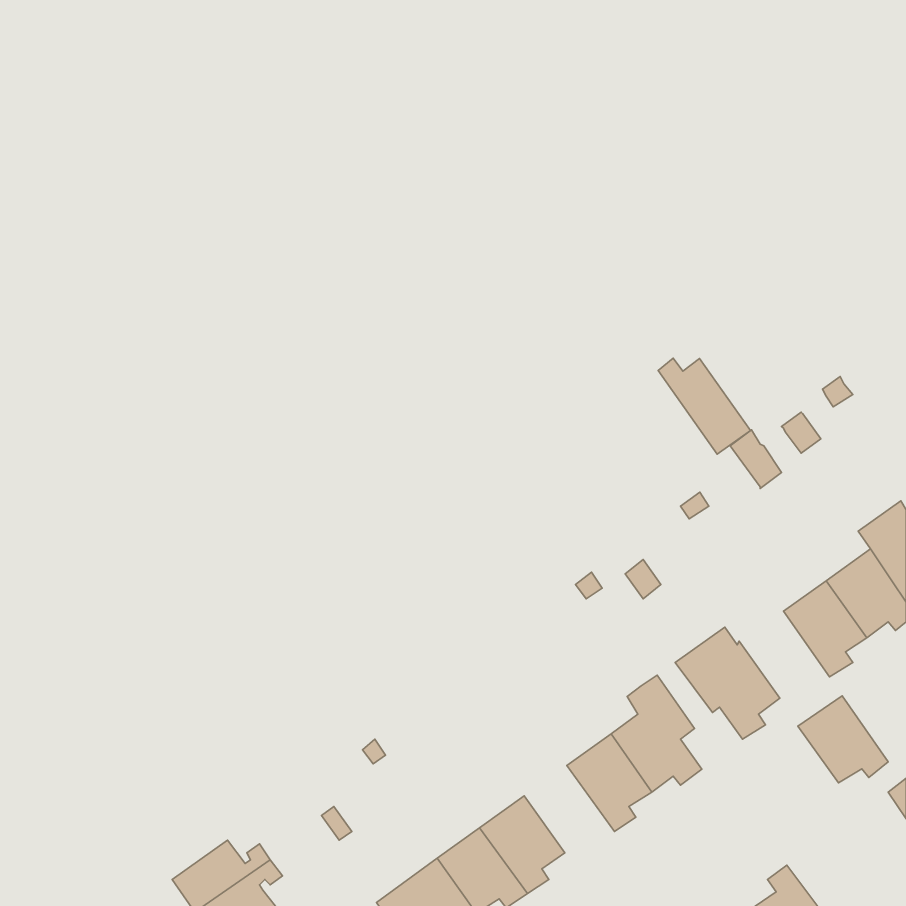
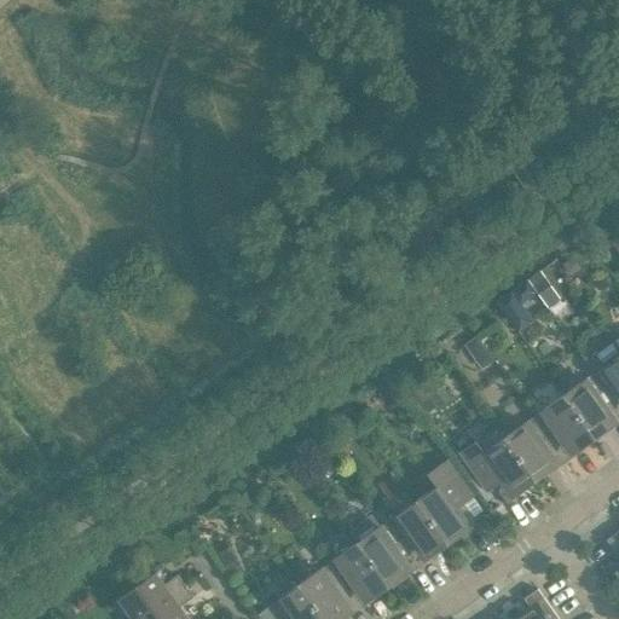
building: [658,358,751,454] -> none
building: [798,696,888,783] -> [503,417,565,476]
building: none -> [355,516,418,582]

